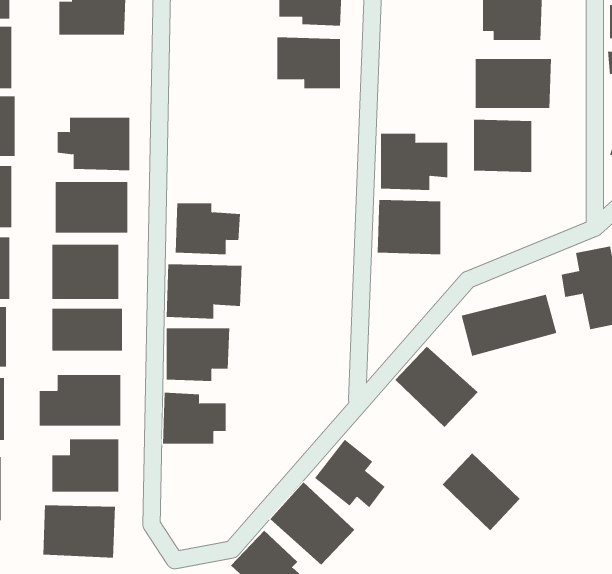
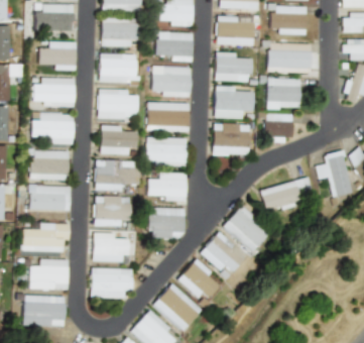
building: none -> [218,16,255,44]
building: none -> [101,17,135,46]
building: none -> [39,40,76,70]
building: none -> [217,51,252,81]
building: none -> [99,52,138,83]
building: none -> [152,65,193,97]
building: none -> [97,89,137,118]
building: none -> [147,102,191,131]
building: none -> [265,113,294,140]
building: none -> [147,136,188,164]
building: none -> [148,172,188,201]
building: none -> [149,207,185,238]
building: [442,453,520,531] -> [201,234,245,278]
building: none -> [91,267,133,298]

